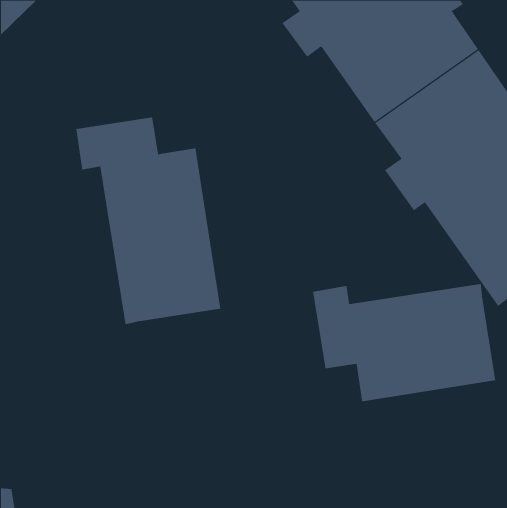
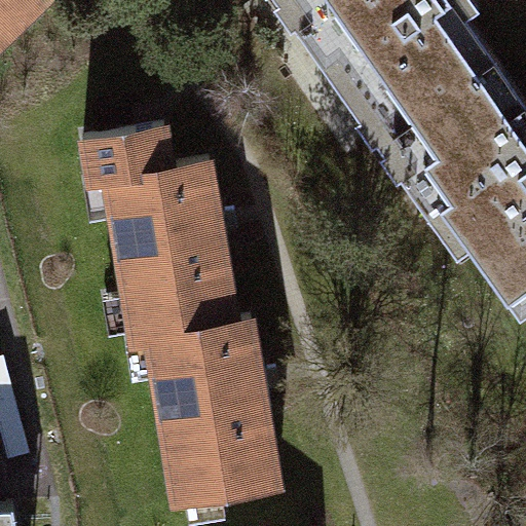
building: [313,283,496,402] -> none
building: none -> [148,318,278,496]

